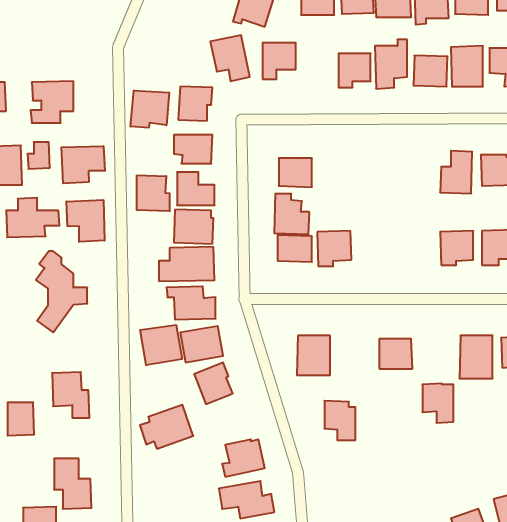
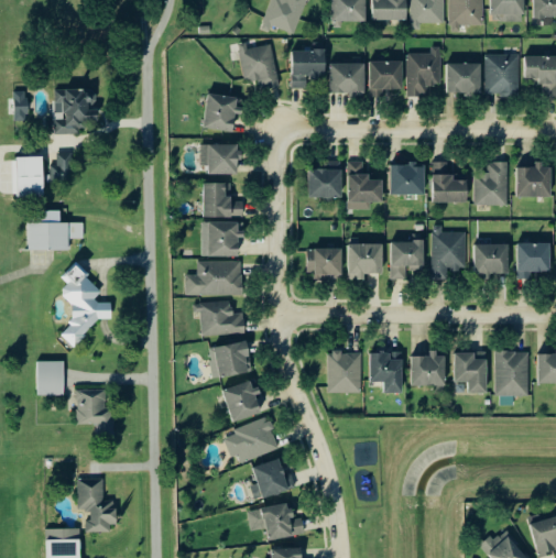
building: none -> [330,63,364,96]
building: [131,90,169,128] -> none
building: [62,146,105,183] -> none
building: none -> [433,161,468,203]
building: none -> [390,163,425,195]
building: [137,175,170,211] -> none
building: [274,194,309,234] -> [347,161,383,203]
building: [66,200,105,242] -> none
building: none -> [430,226,466,277]
building: none -> [390,241,424,278]
building: [140,325,182,365] -> none
building: [422,383,453,423] -> [455,352,487,393]
building: [324,401,355,440] -> [371,352,403,393]
building: [8,402,34,436] -> [36,361,64,395]
building: [140,405,193,449] -> [224,416,279,461]

